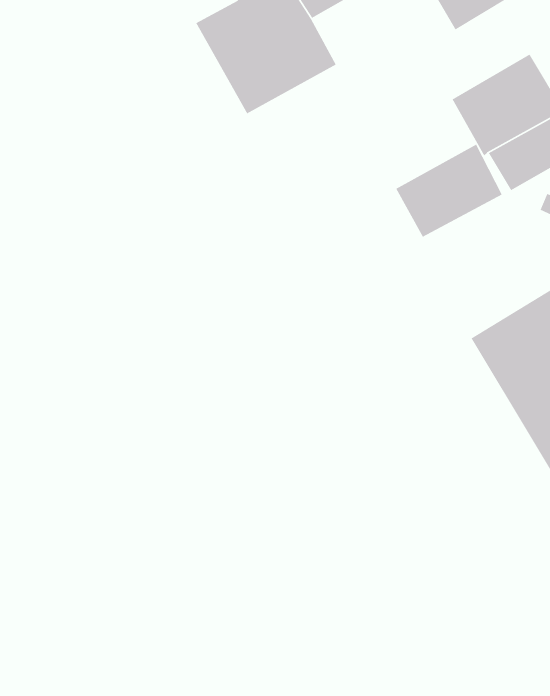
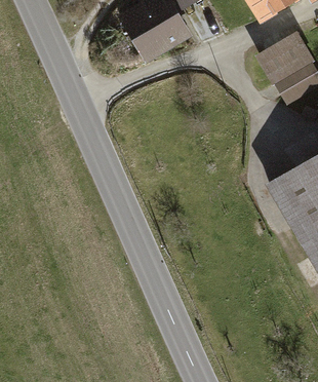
building: [395,144,503,238] -> none

